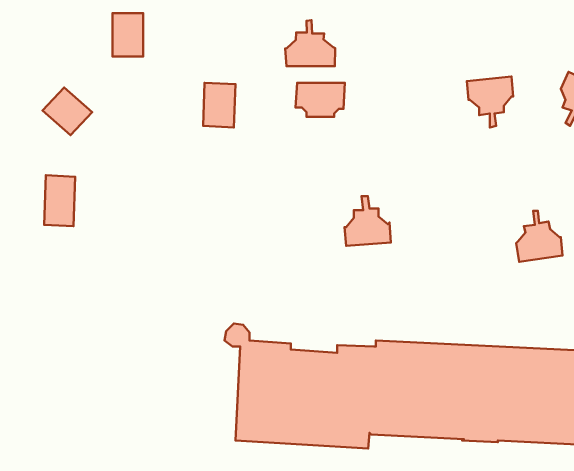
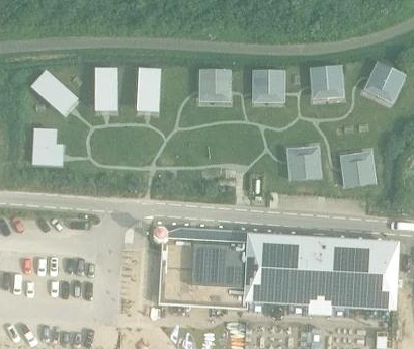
building: [112,13,143,56] -> [97,70,117,98]
building: [285,20,335,66] -> none
building: none -> [256,71,284,93]
building: [345,196,391,246] -> [291,148,321,180]

